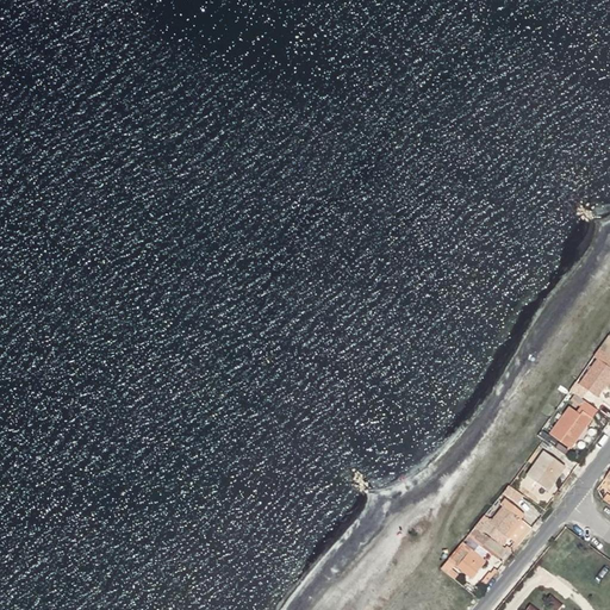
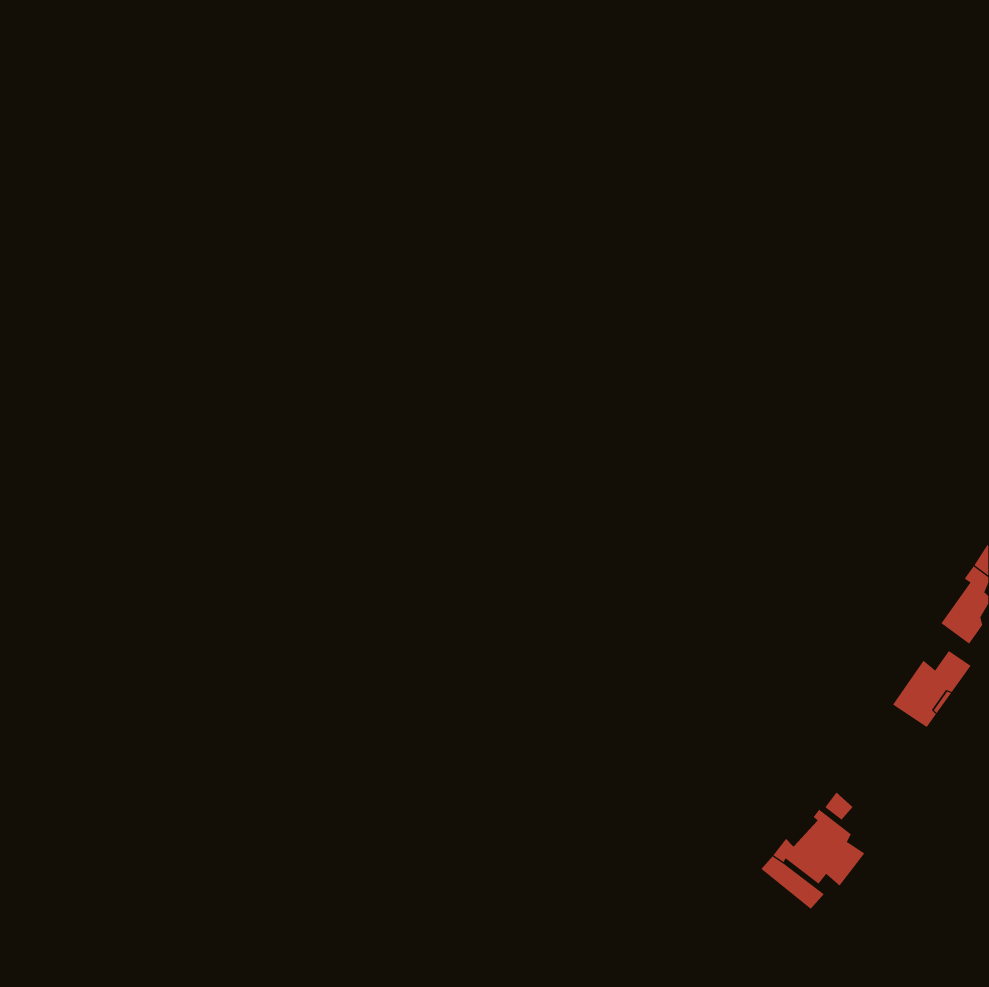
building: [529,452,567,490] -> none
building: [441,541,486,580] -> none

